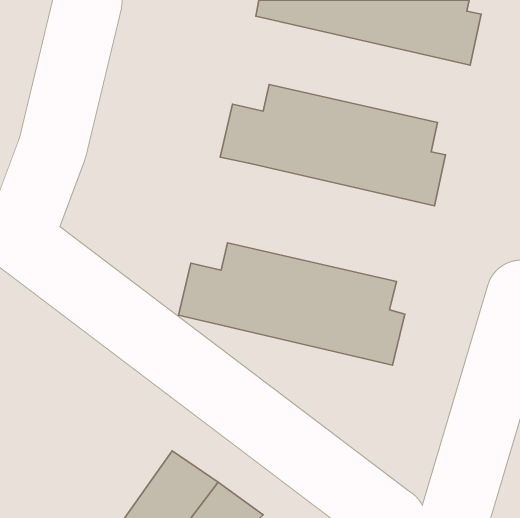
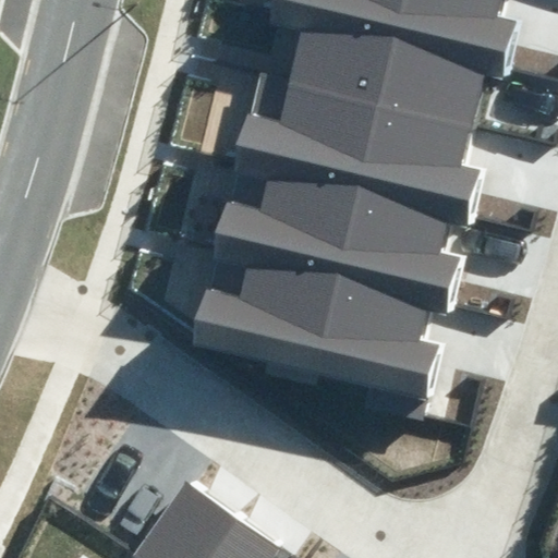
building: none -> [289,27,485,134]
building: none -> [215,178,456,308]

